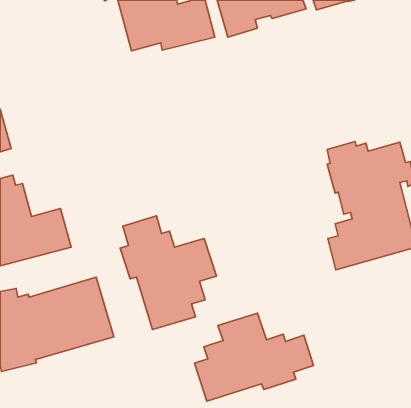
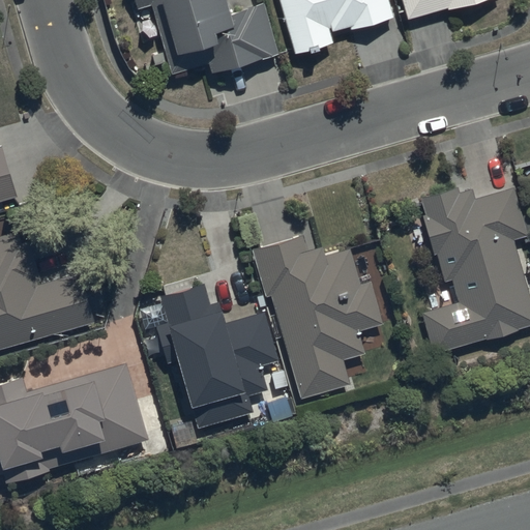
building: none -> [252,236,383,399]
building: [194,313,313,401] -> none

